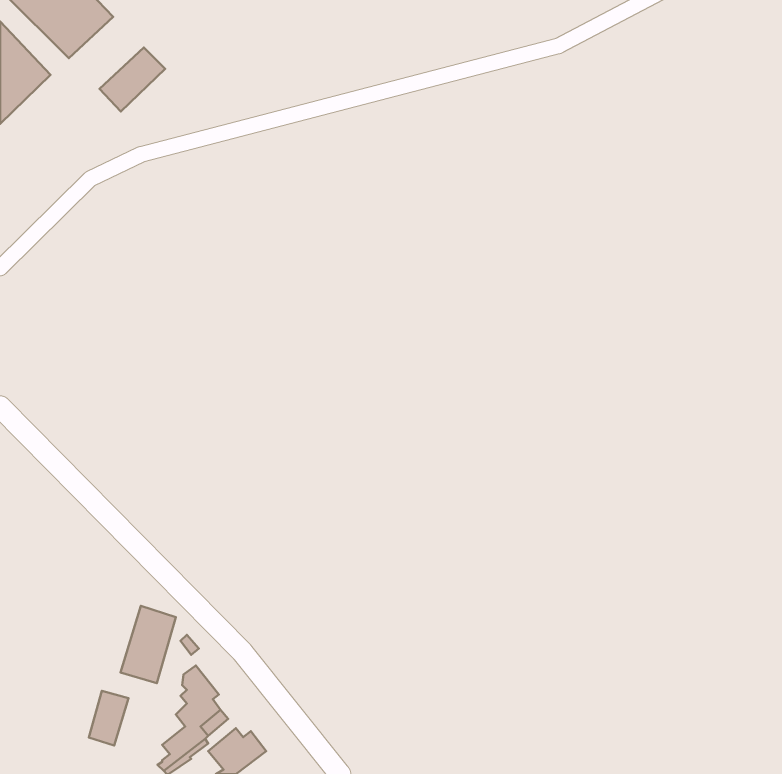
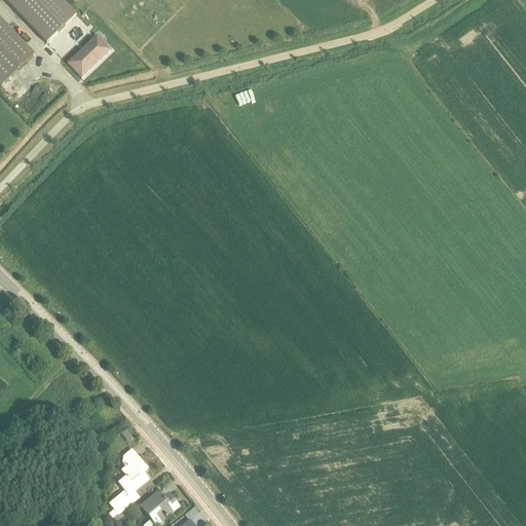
building: [120,606,176,683] -> none
building: [89,691,128,746] -> none

